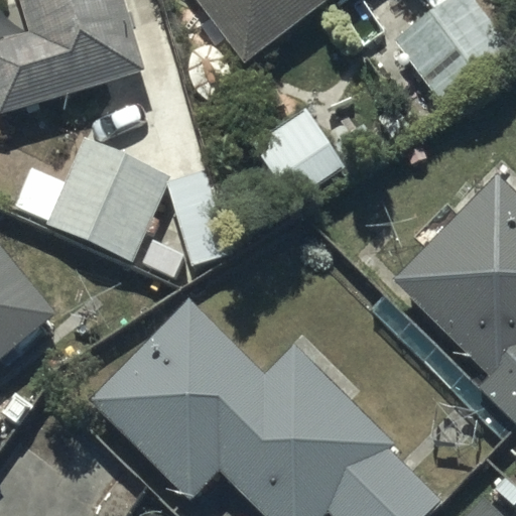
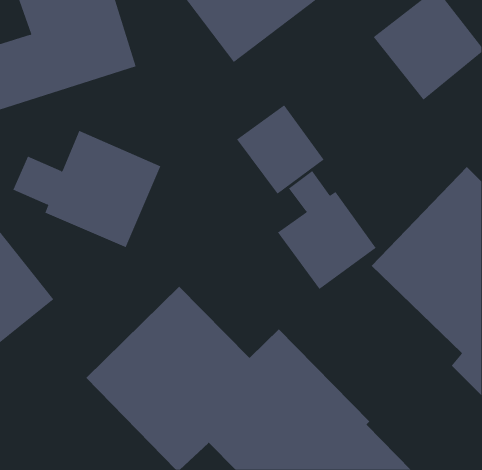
building: none -> [277,170,377,290]

